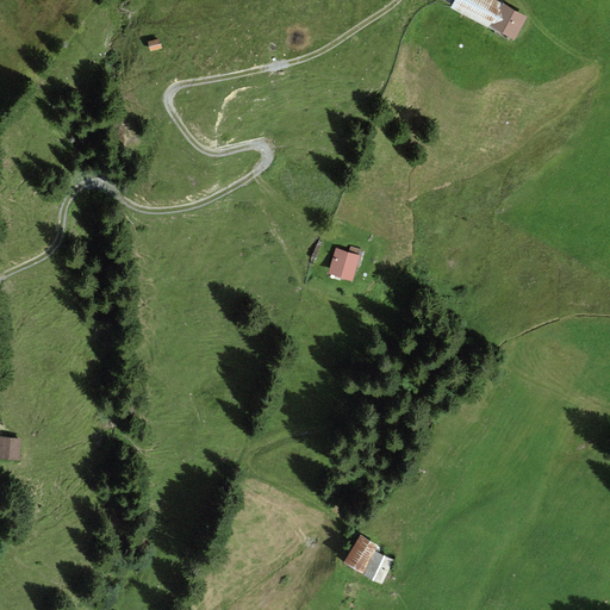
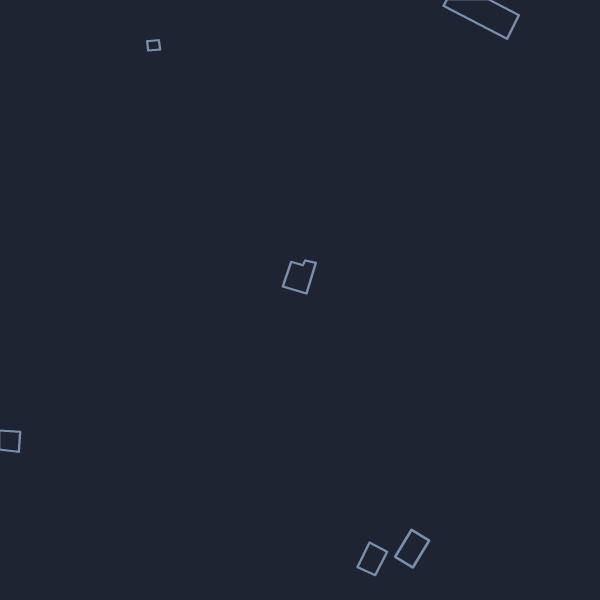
building: [326,245,360,279] -> [283,260,316,293]
building: [342,534,376,572] -> [395,530,429,568]

